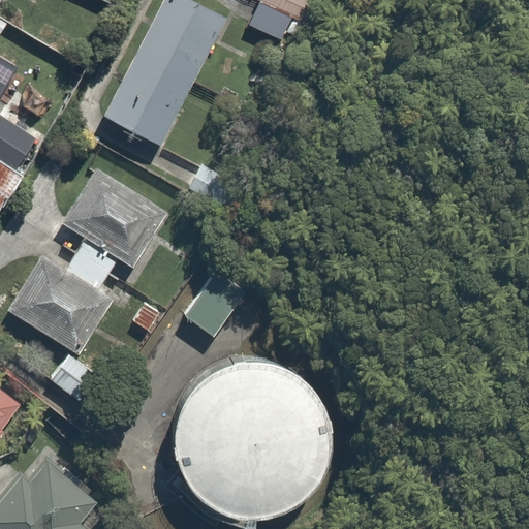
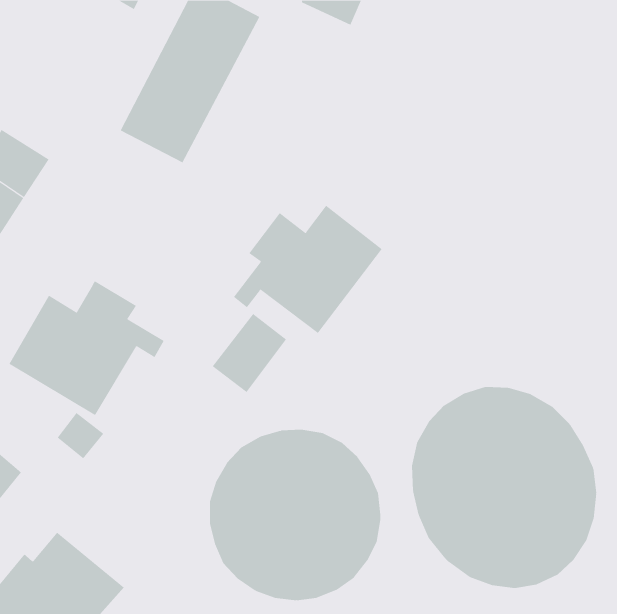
building: [60,169,173,276] -> none
building: none -> [233,205,382,334]
building: none -> [411,386,597,589]

